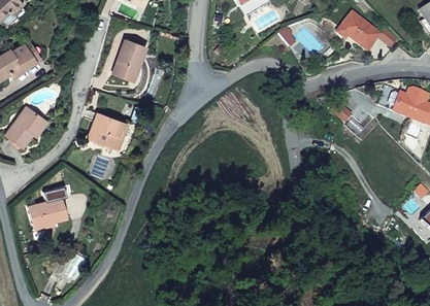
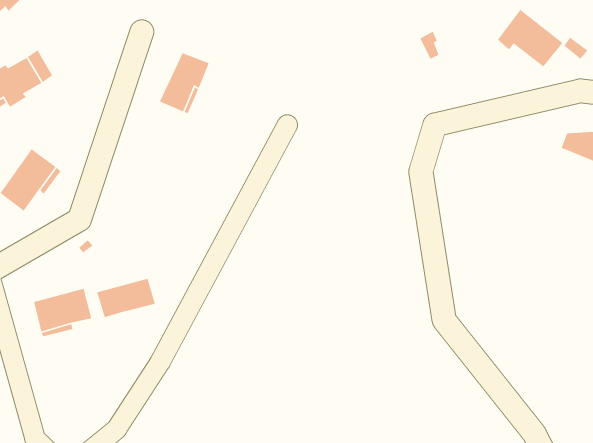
building: [87,112,125,147] -> none
building: none -> [96,278,156,318]

